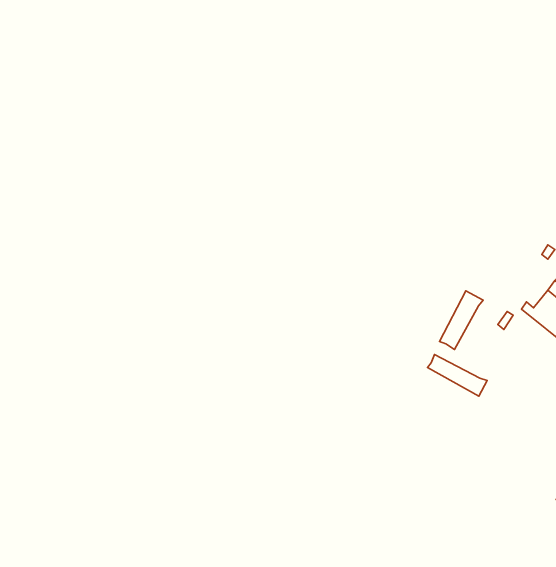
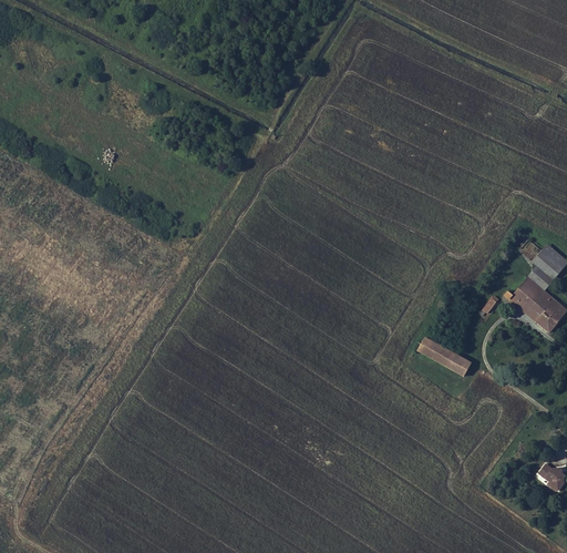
building: [440,291,483,349] -> none

